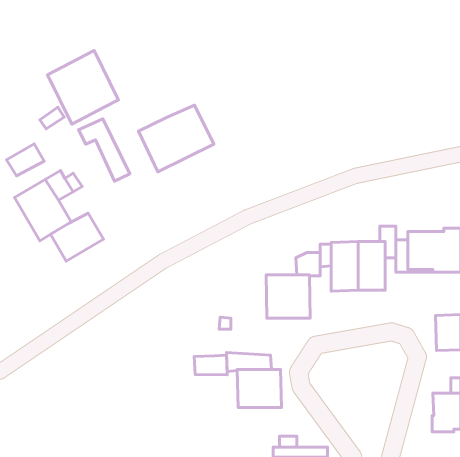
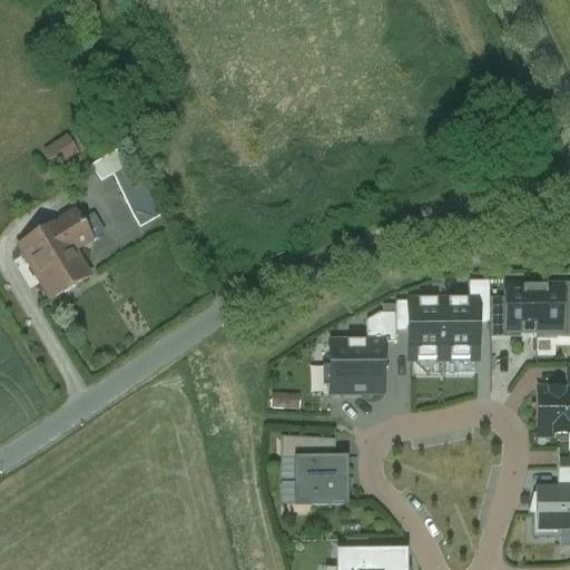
building: [48,51,118,124] -> none
building: [138,105,214,172] -> none
building: [7,144,44,176] -> none
building: [51,213,103,261] -> none
building: [194,355,227,375] -> none

